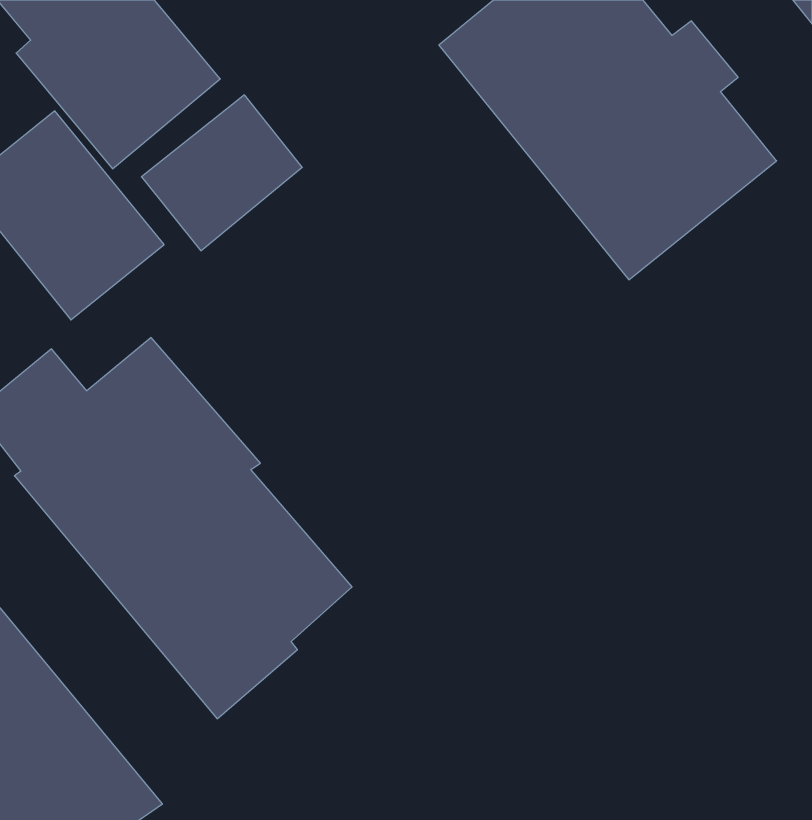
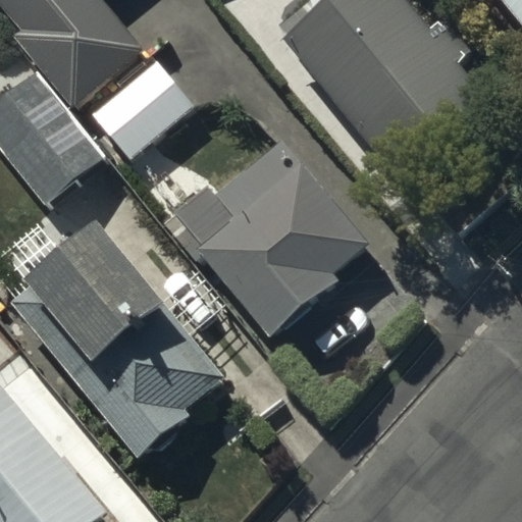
building: none -> [163,144,367,334]

